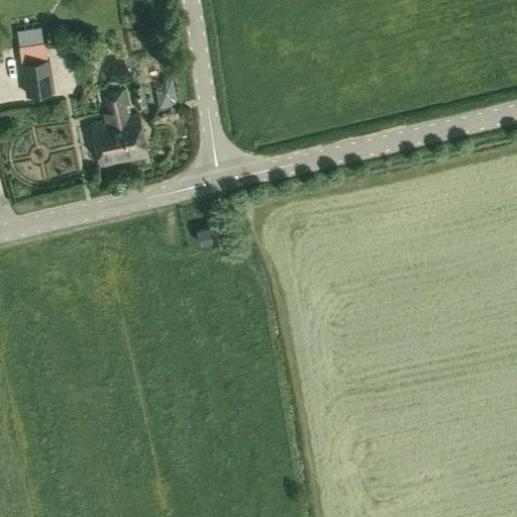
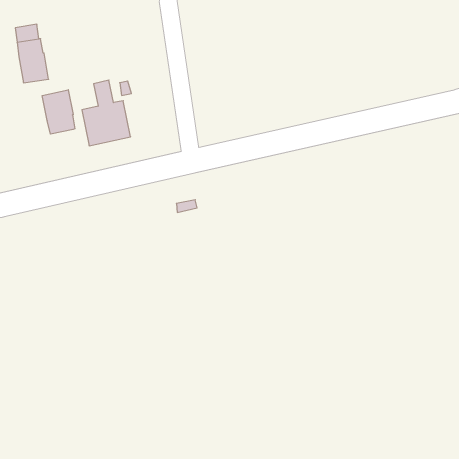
building: none -> [42,90,75,134]

